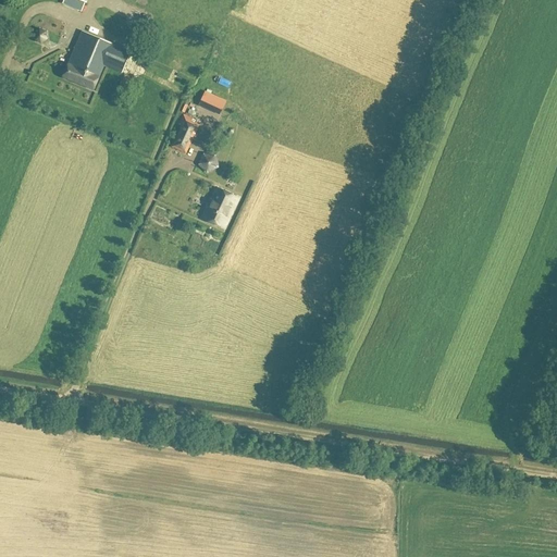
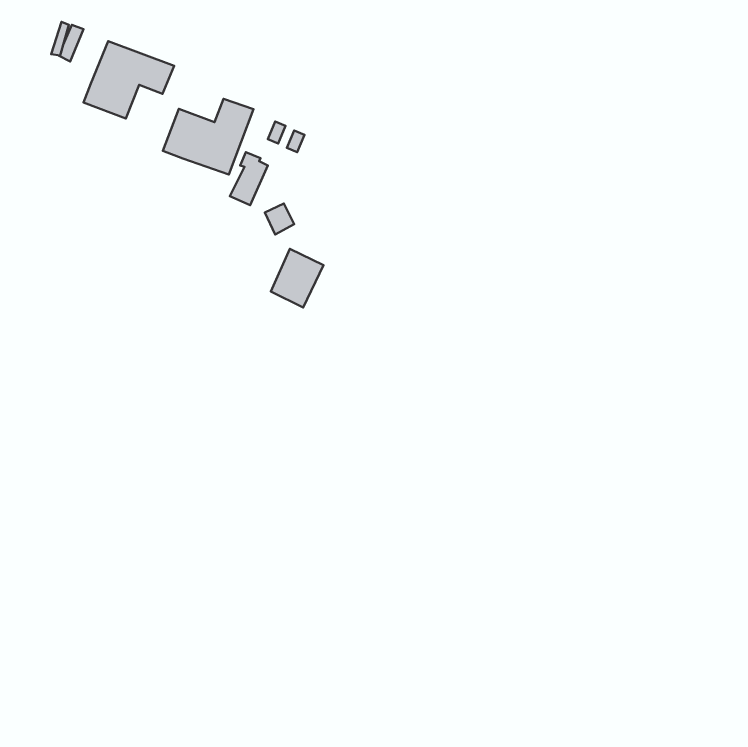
building: none -> [163,99,254,174]

